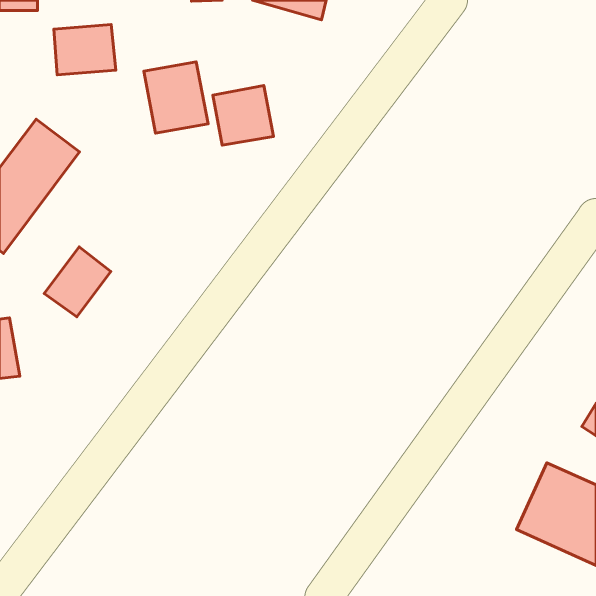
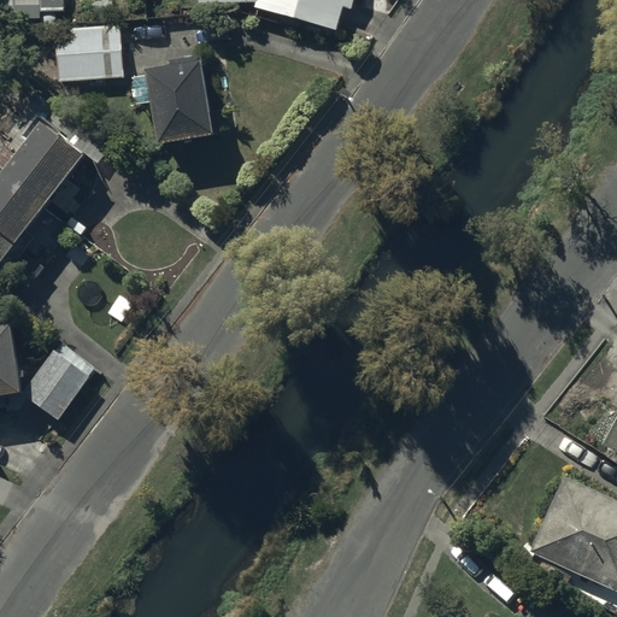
building: [213,85,274,145] -> none
building: [44,247,111,317] -> [25,347,94,419]

